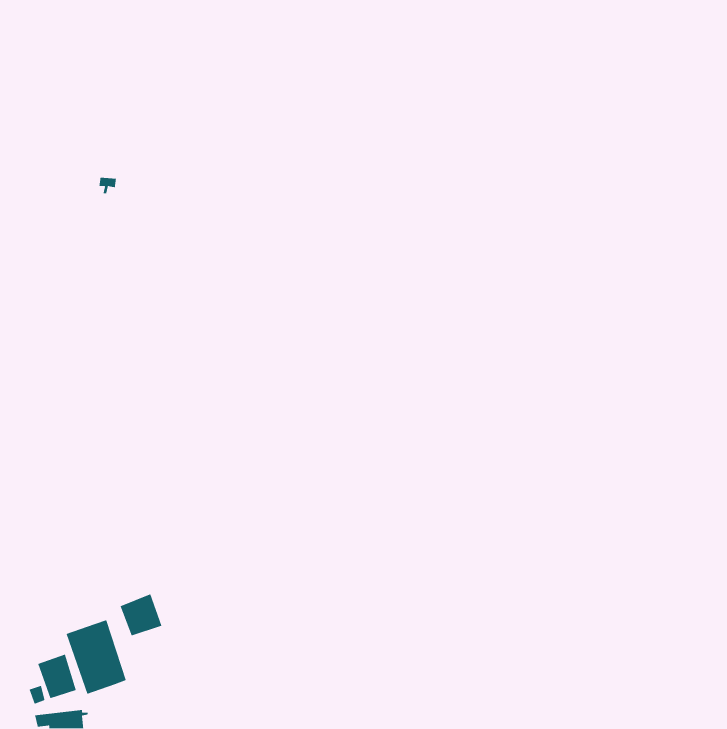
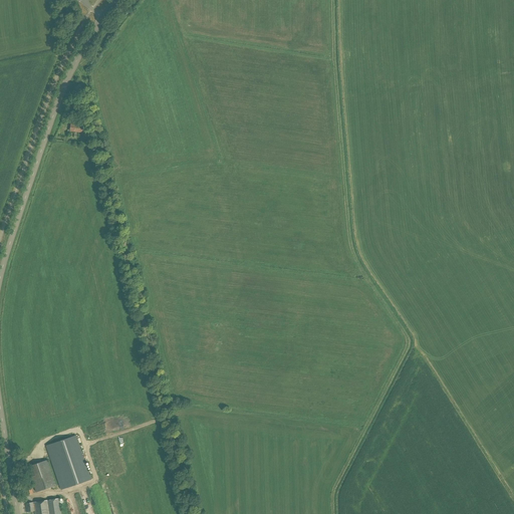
building: [120,593,162,637] -> none

